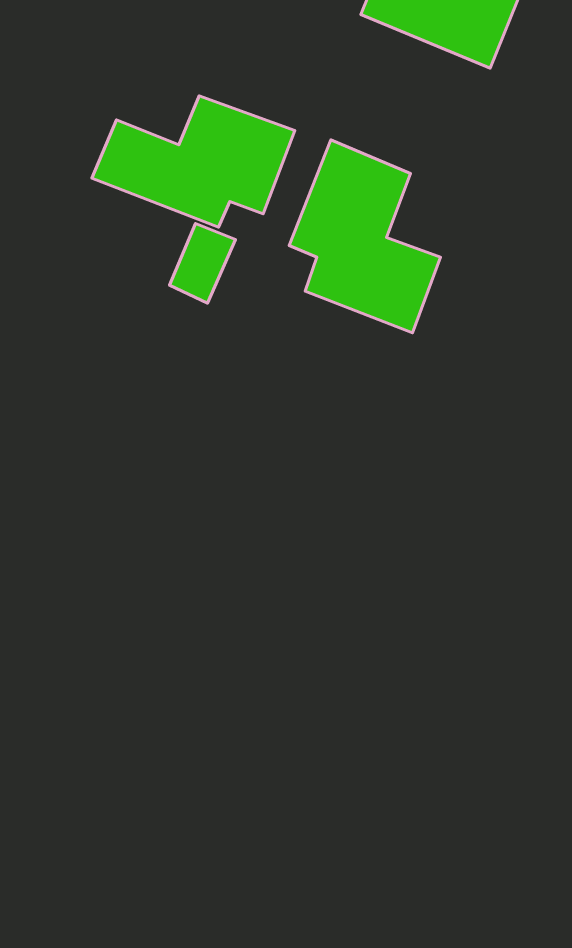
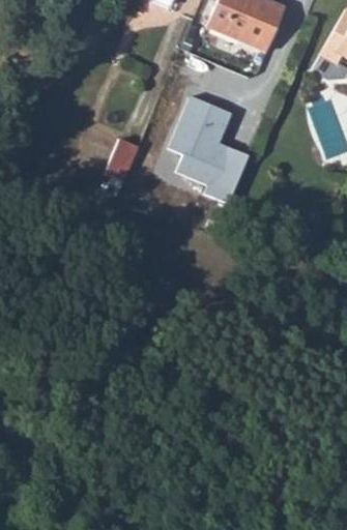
building: [92,96,295,227] -> none

